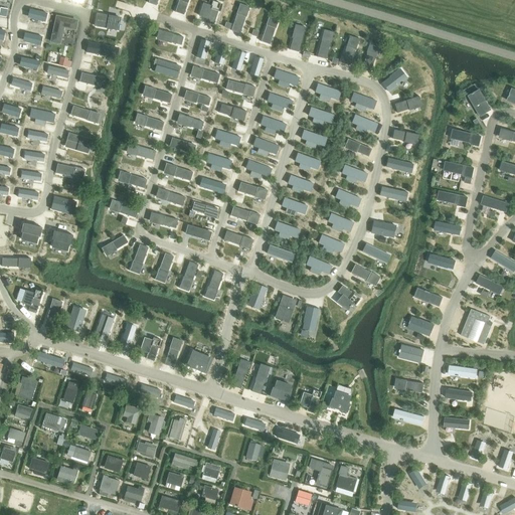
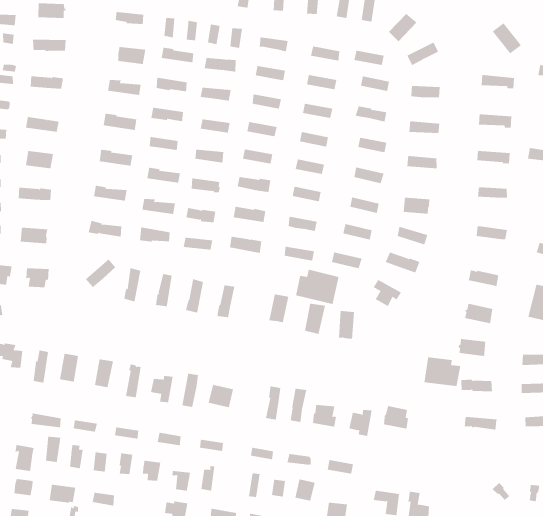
building: none -> [295,269,339,305]
building: none -> [424,356,461,387]

